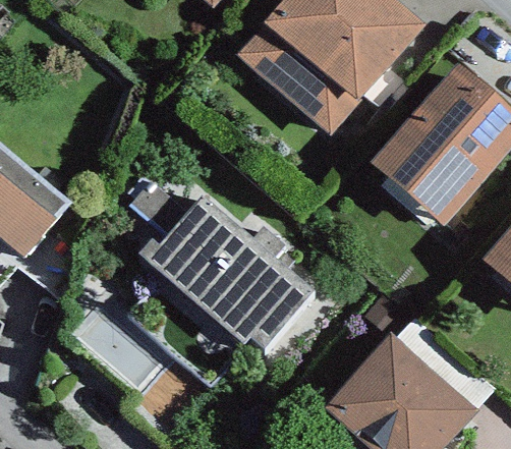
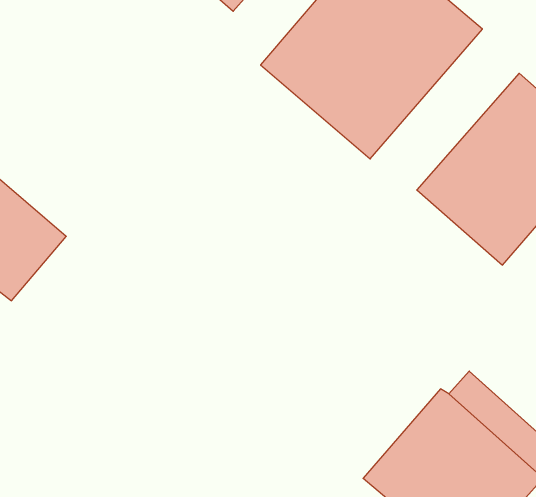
building: [131,183,314,349] -> none

